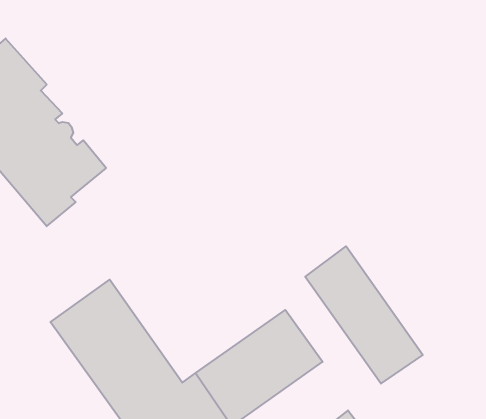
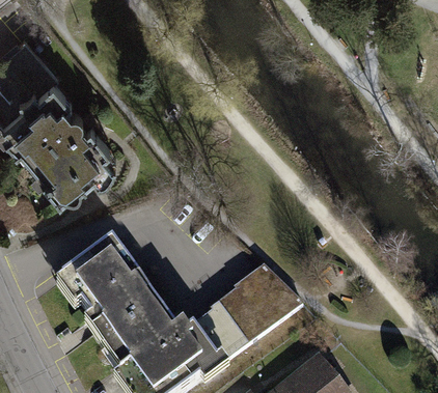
building: [305,246,423,384] -> none

